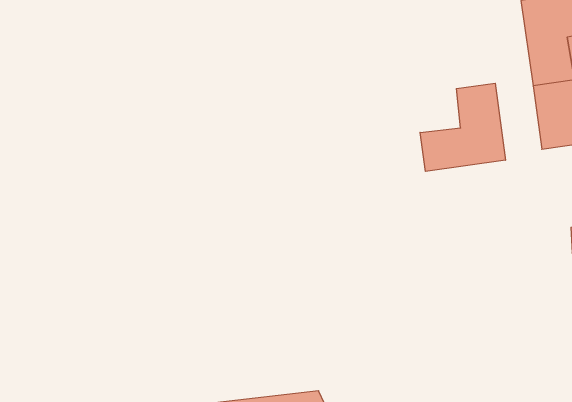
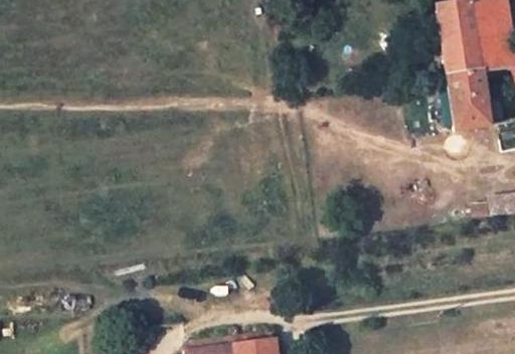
building: [420,83,505,171] -> none

